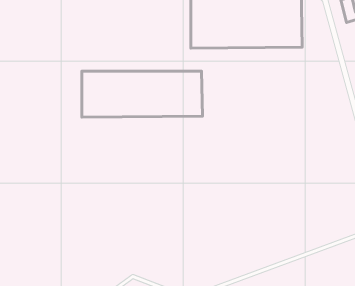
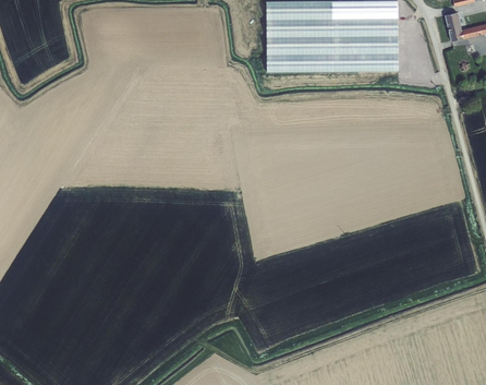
building: [82,71,202,117] -> none

